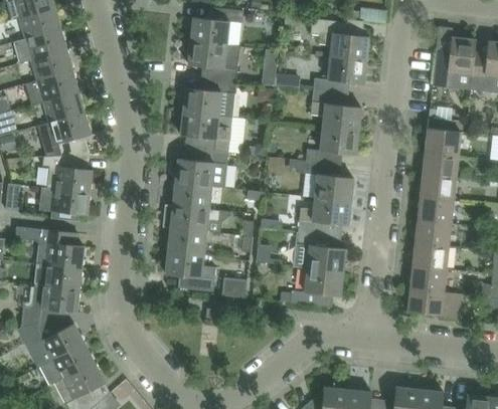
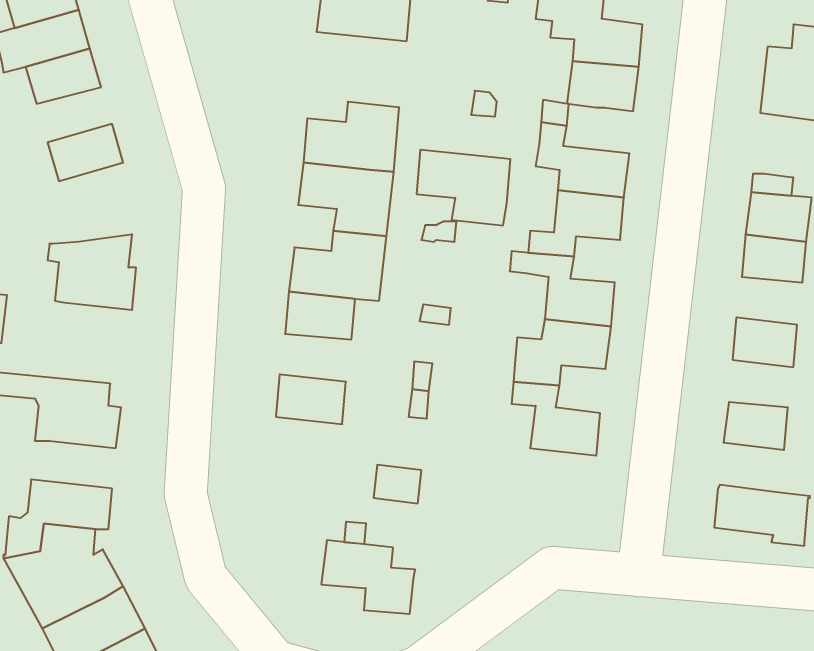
building: [188,41,239,82] -> [417,150,510,225]
building: [26,71,78,105] -> none
building: [38,113,91,157] -> none
building: [420,175,456,201] -> none
building: [49,189,90,221] -> none
building: [164,205,219,232] -> none
building: [416,220,451,246] -> none
building: [165,251,216,291] -> [321,540,415,614]
building: [34,264,80,290] -> none
building: [410,265,446,292] -> none
building: [291,268,343,306] -> none

